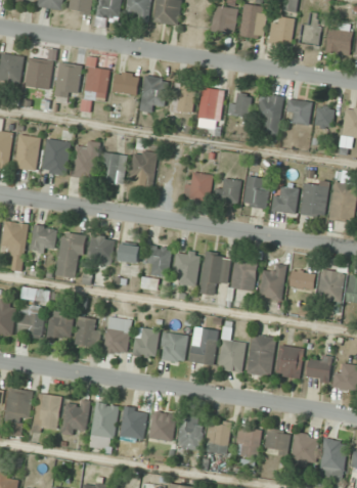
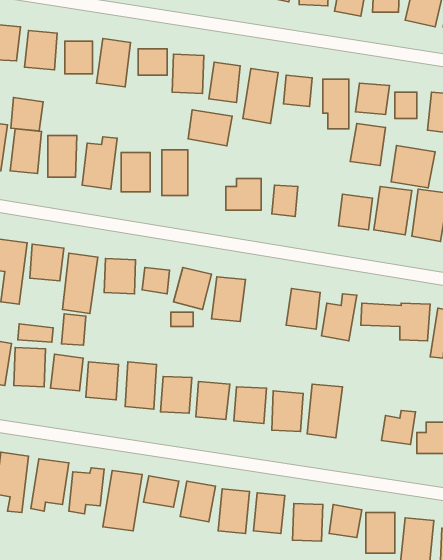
building: none -> [11,98,43,131]
building: none -> [188,110,232,146]
building: none -> [391,145,435,188]
building: [242,176,270,209] -> [350,124,385,166]
building: [200,253,231,296] -> none
building: none -> [62,314,86,345]
building: [277,345,304,379] -> none

